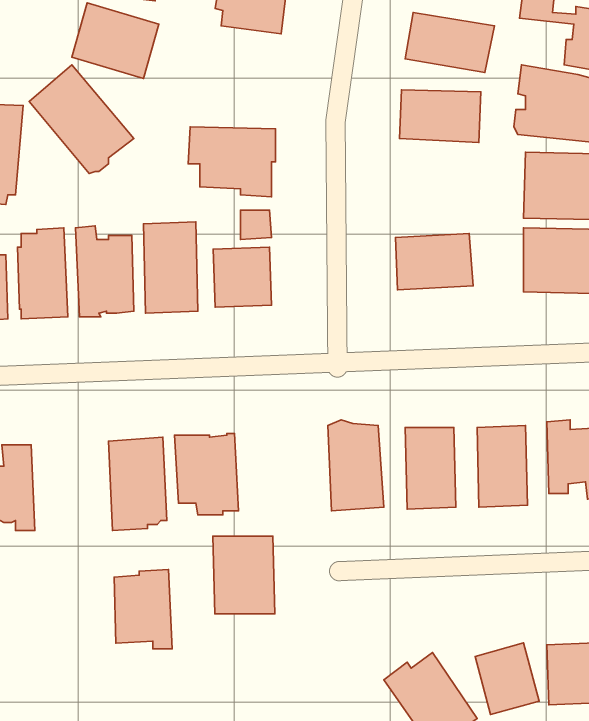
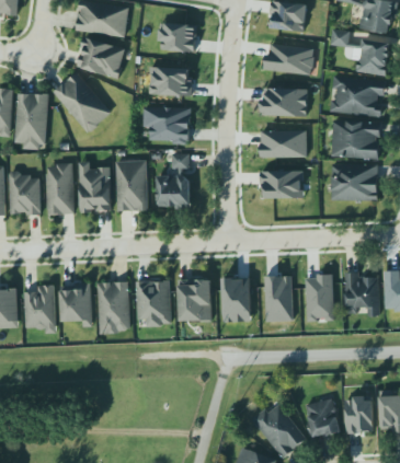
building: none -> [150,67,192,96]
building: none -> [260,129,307,157]
building: [213,536,275,614] -> [178,279,213,323]
building: [114,569,172,649] -> [60,282,93,327]

